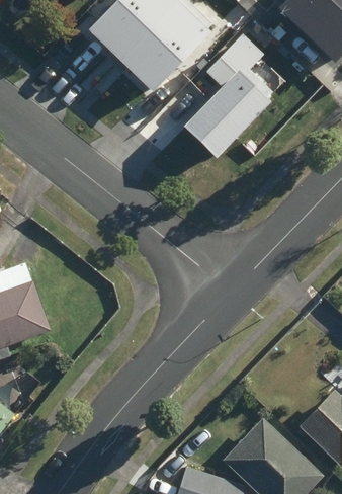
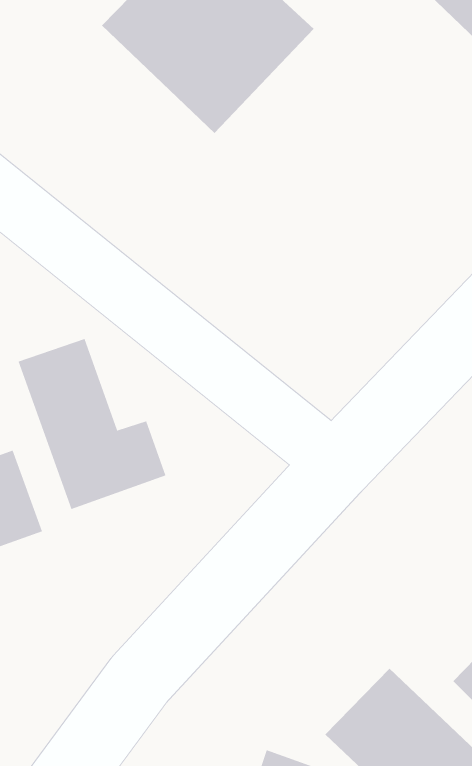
building: [177,27,274,156] -> none
building: none -> [18,338,166,510]

